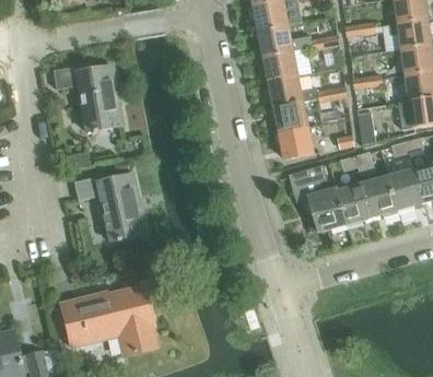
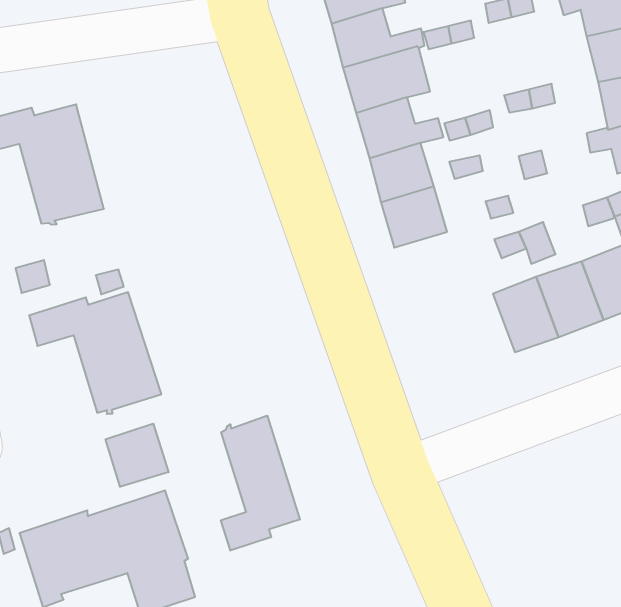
building: [288,165,347,233] -> none
building: none -> [106,424,169,487]
building: none -> [221,416,300,551]

